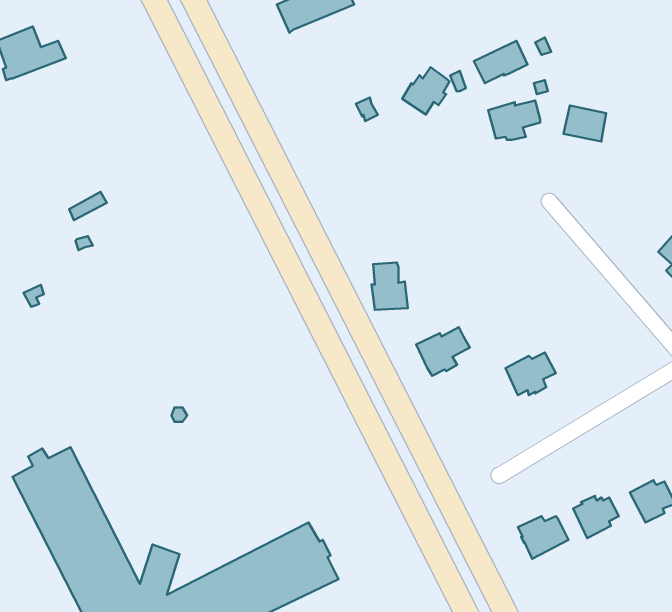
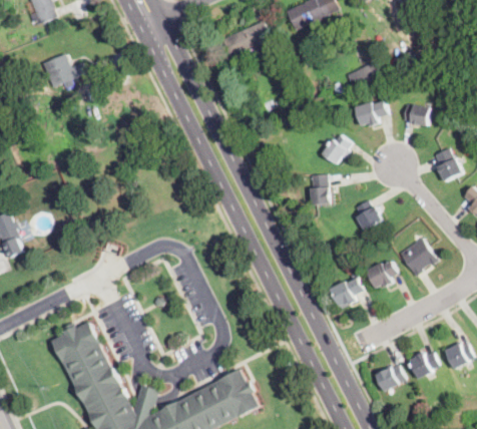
building: [402,67,449,115] -> [322,133,352,163]
building: none -> [435,147,463,181]
building: none -> [356,199,383,231]
building: [372,262,408,310] -> [311,173,334,203]
building: none -> [400,238,438,277]
building: [416,327,470,376] -> [331,277,365,308]

